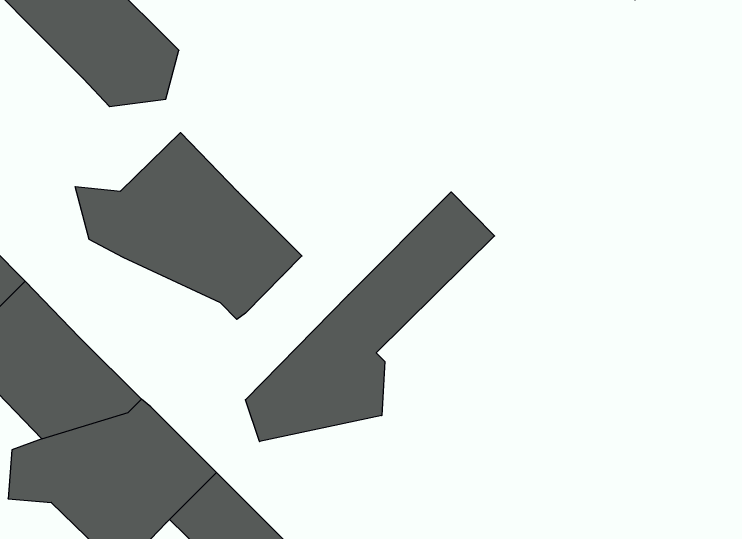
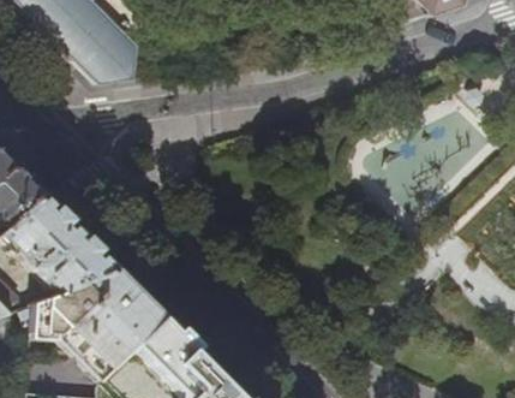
building: [75,133,302,319] -> none
building: [245,192,495,442] -> none

